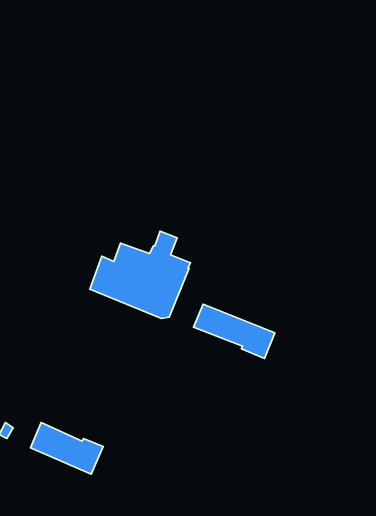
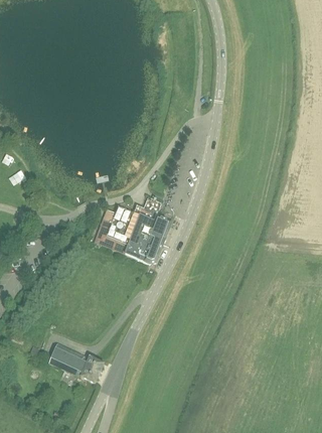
building: [193,304,275,359] -> none

